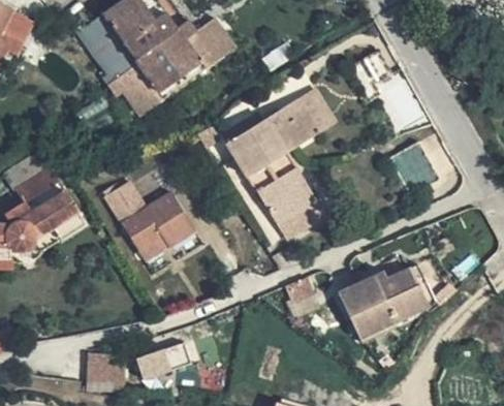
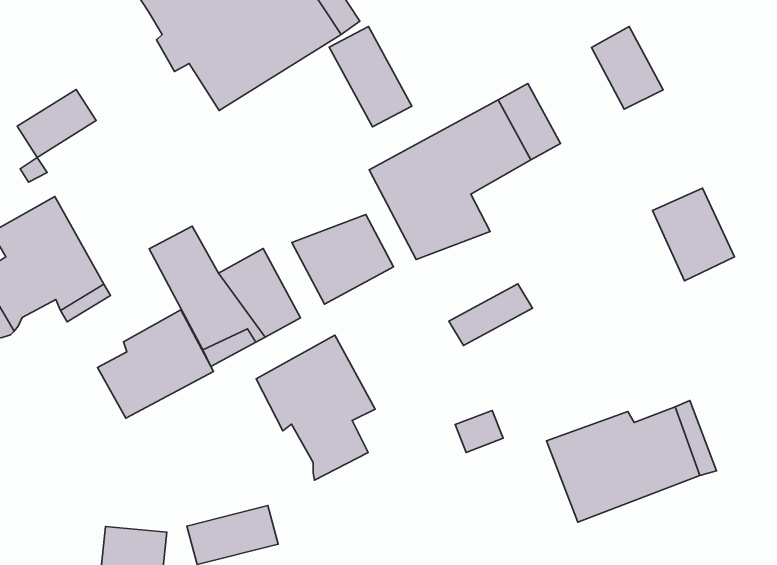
building: none -> [329,27,412,127]
building: none -> [17,89,96,157]
building: [257,175,316,227] -> [292,214,394,304]
building: none -> [98,310,214,418]
building: none -> [256,335,375,480]

